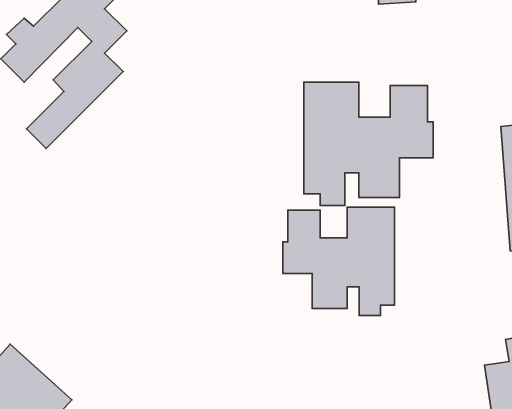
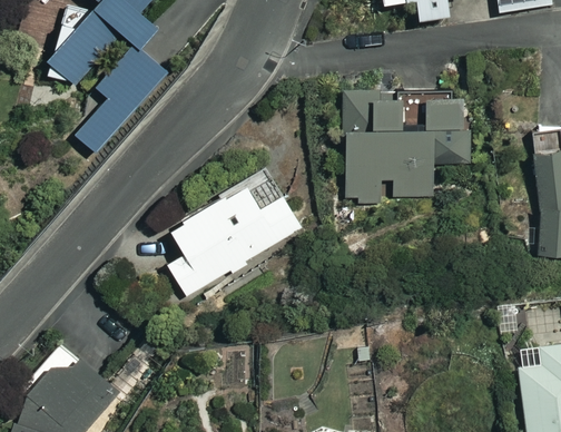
building: none -> [166,177,304,298]
building: [283,207,394,316] -> none

